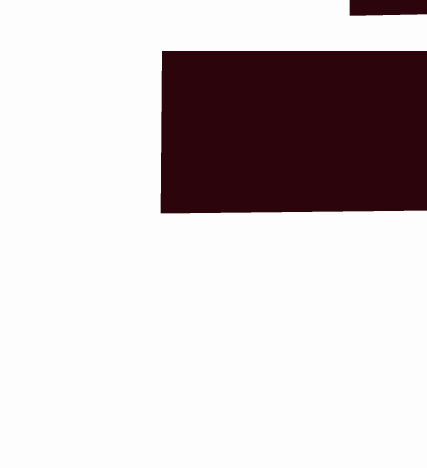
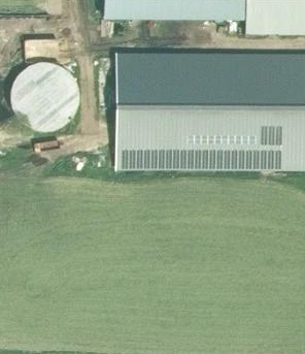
building: none -> [12,60,79,129]

